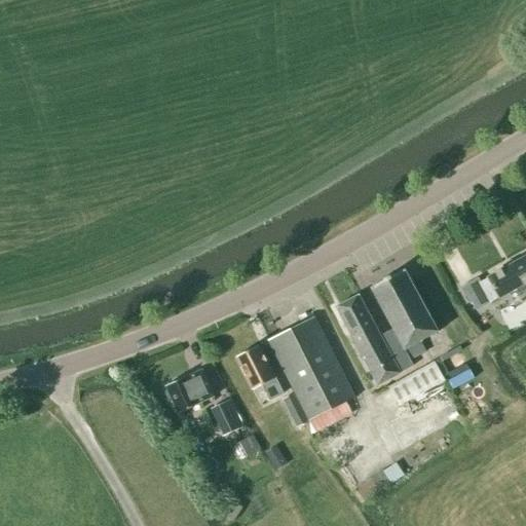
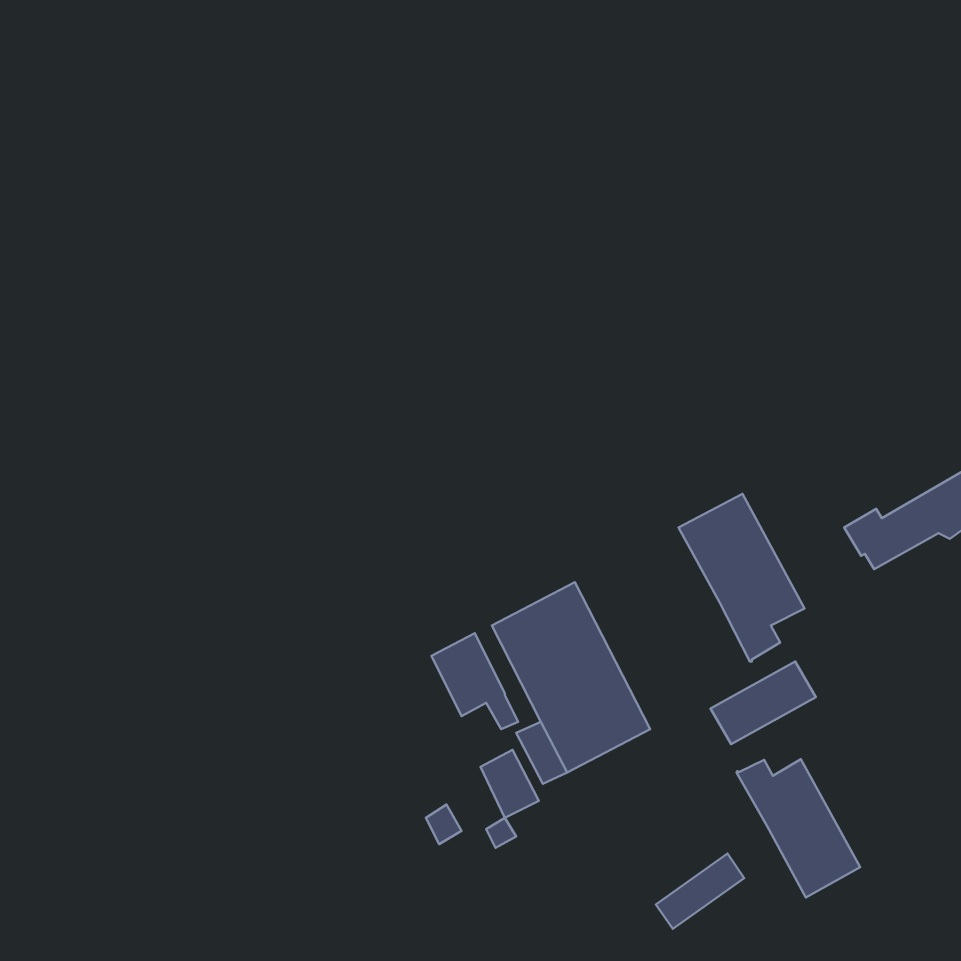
building: [336,295,414,385] -> none
building: [166,370,215,413] -> none
building: [211,400,242,437] -> [480,750,539,818]
building: none -> [736,759,860,897]

